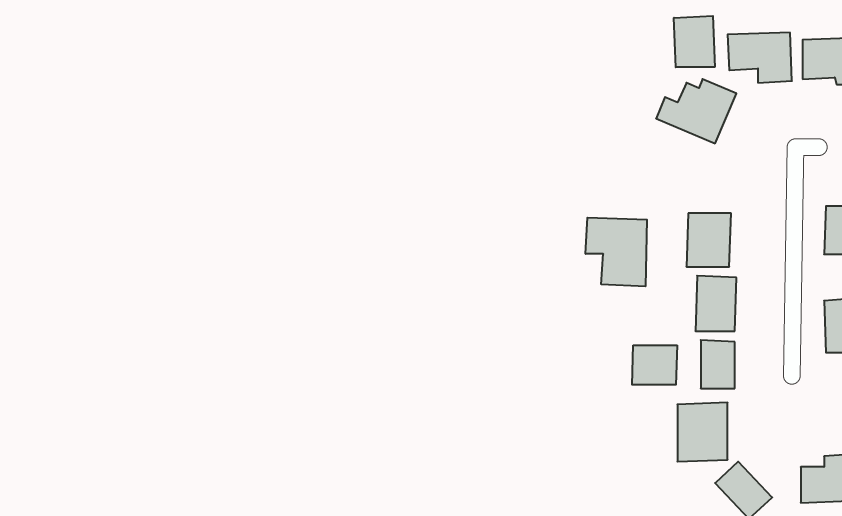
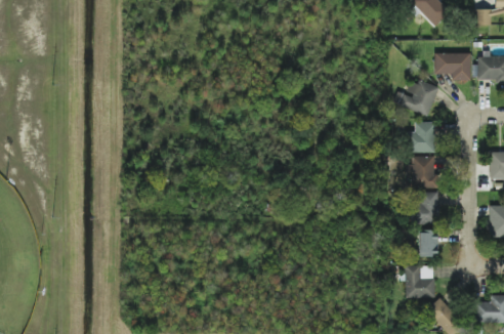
building: [674,16,715,67] -> none
building: none -> [407,121,435,152]
building: [586,218,647,286] -> none
building: [632,345,677,385] -> none

